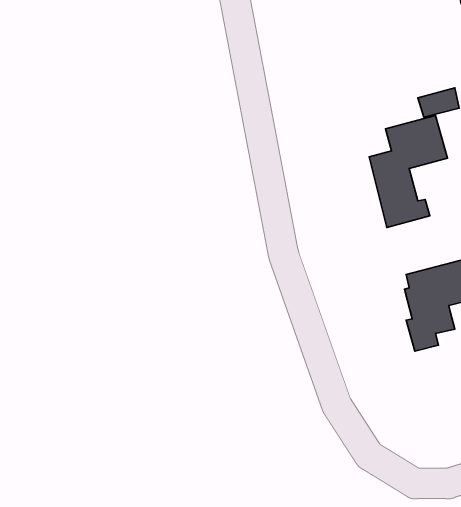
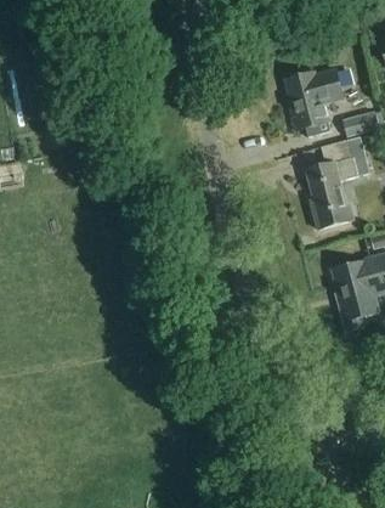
building: none -> [285,68,342,136]

